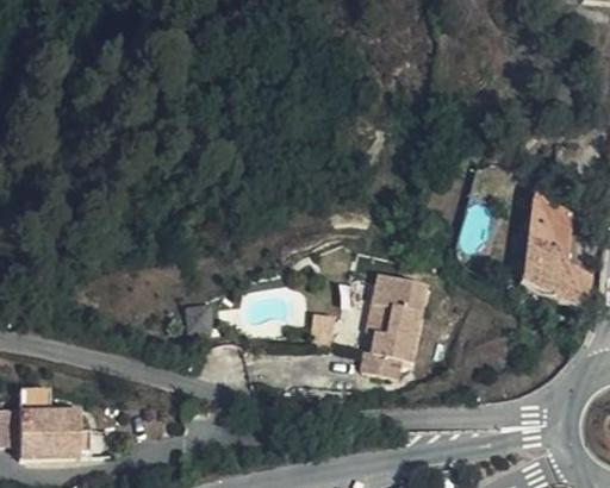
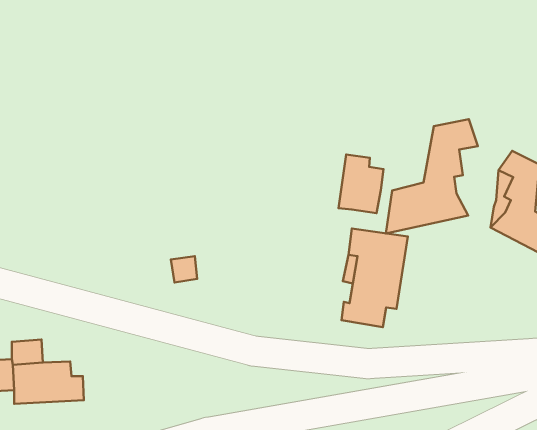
building: none -> [386,119,478,233]
building: none -> [339,155,384,213]

